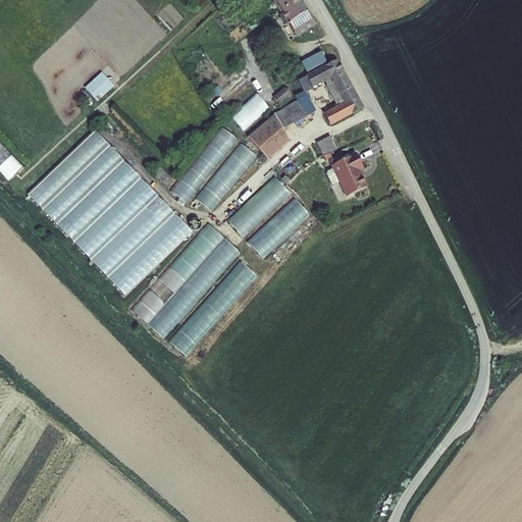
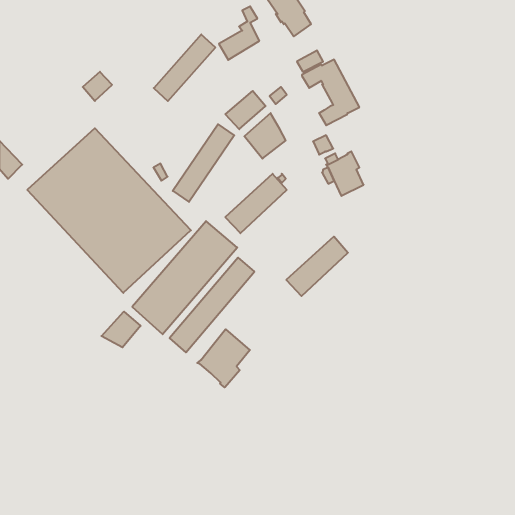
building: [273,76,314,130] -> [219,6,259,60]
building: [196,143,258,210] -> [154,34,215,101]
building: [248,197,310,257] -> [286,237,348,296]
building: none -> [101,312,141,347]
building: none -> [197,329,250,387]

